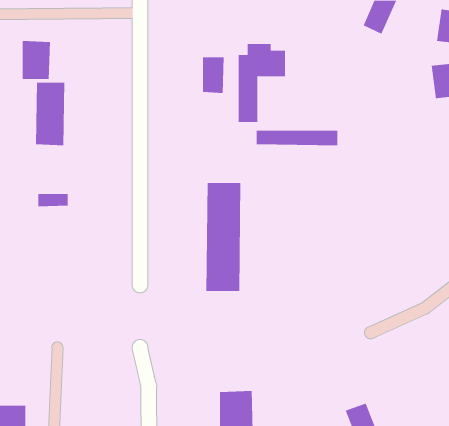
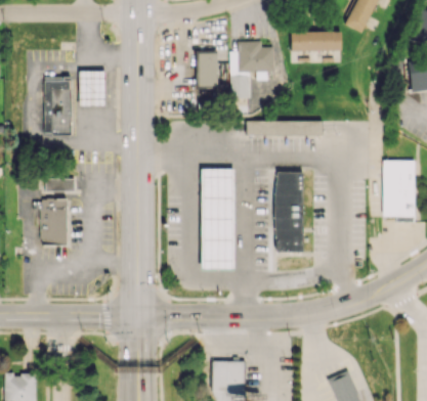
building: none -> [291,31,341,50]
building: [22,41,51,80] -> [79,71,105,106]
building: none -> [382,160,415,222]
building: none -> [274,172,303,252]
building: none -> [41,203,69,250]

